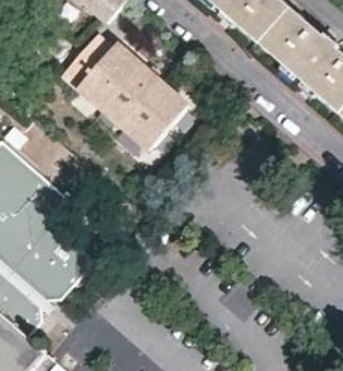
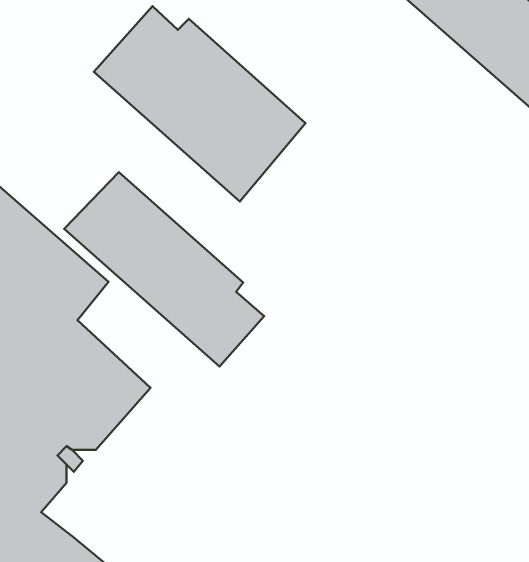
building: none -> [64,172,264,367]

